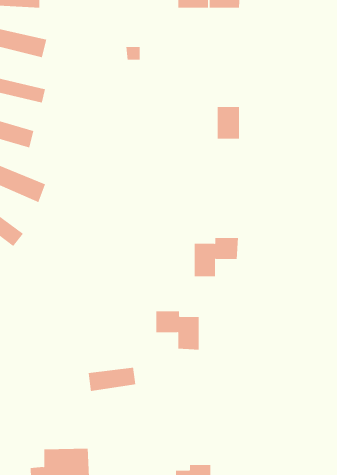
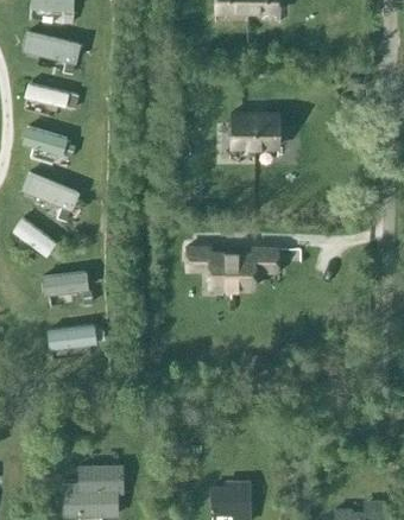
building: none -> [232,113,255,146]
building: none -> [42,271,89,297]
building: [156,311,200,350] -> [187,247,232,287]
building: [88,367,136,391] -> [48,325,97,350]

